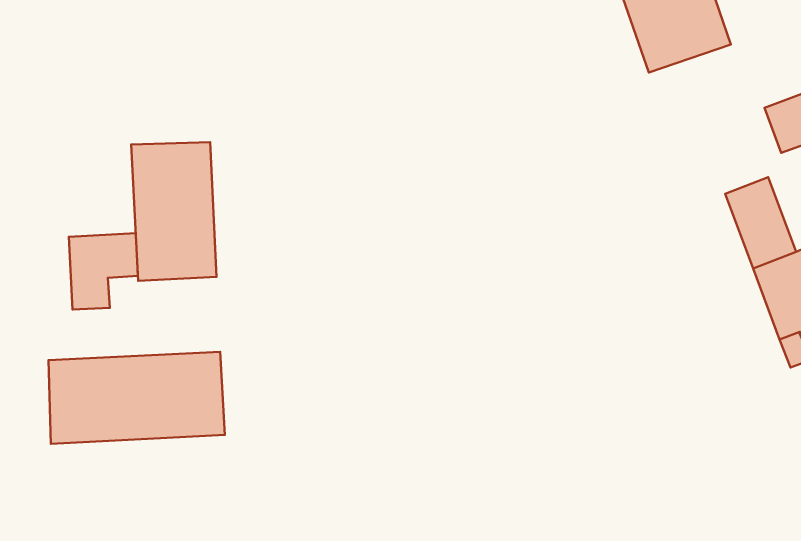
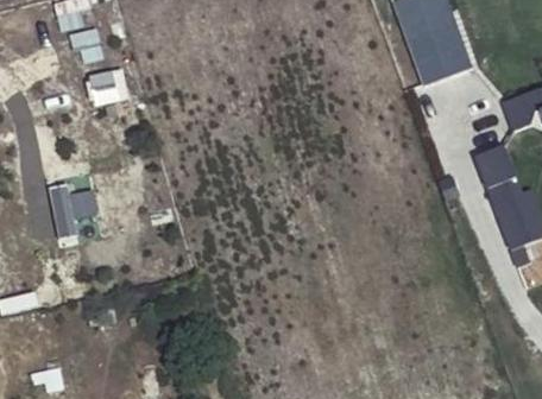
building: [131,142,216,281] -> none
building: [49,352,225,444] -> none

